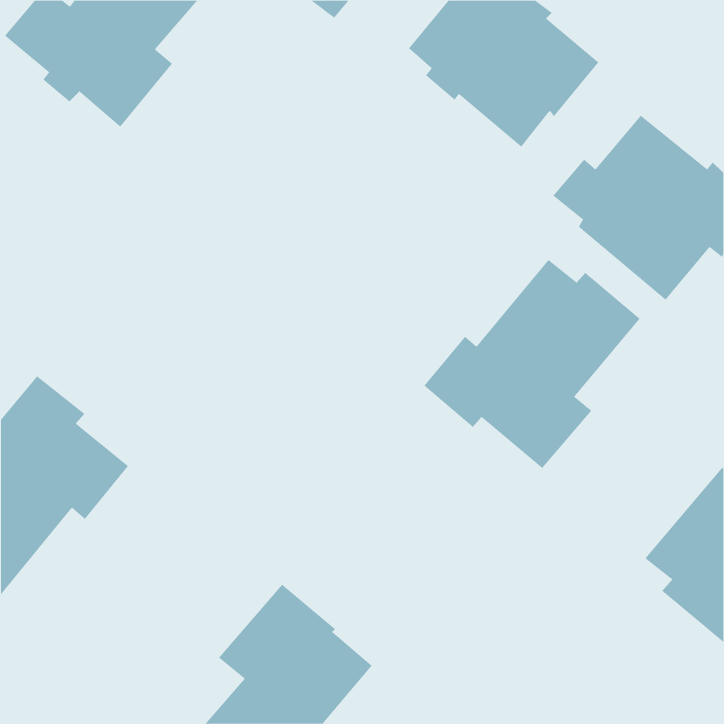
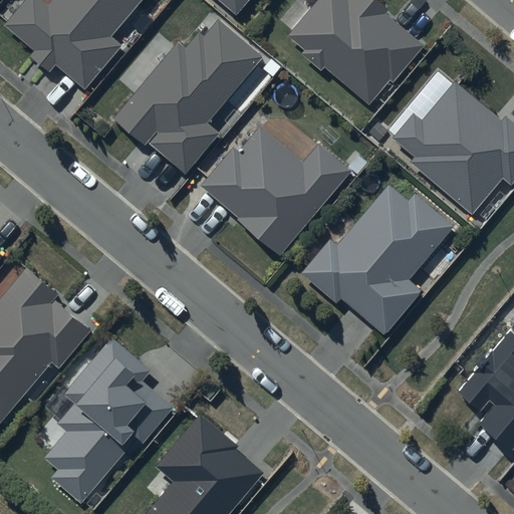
building: none -> [112,19,264,174]
building: none -> [200,126,351,254]
building: none -> [46,334,175,502]

